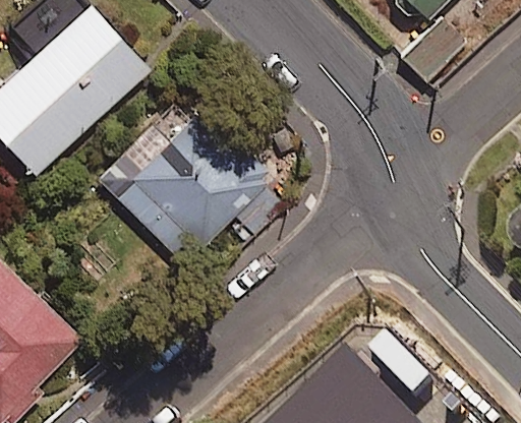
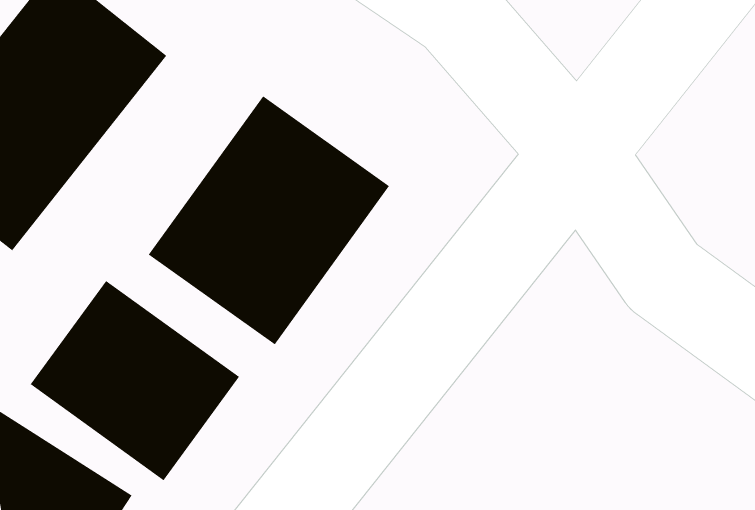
building: none -> [30,280,240,481]

